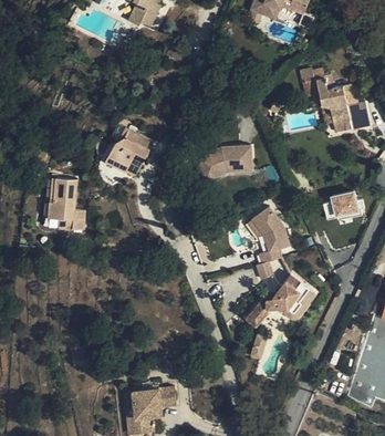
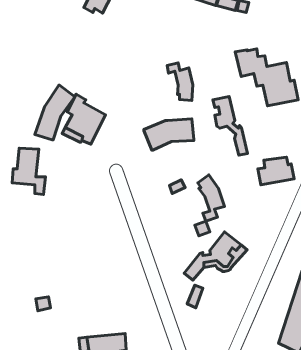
building: none -> [167,63,193,100]
building: none -> [35,85,75,140]
building: none -> [213,96,248,155]

